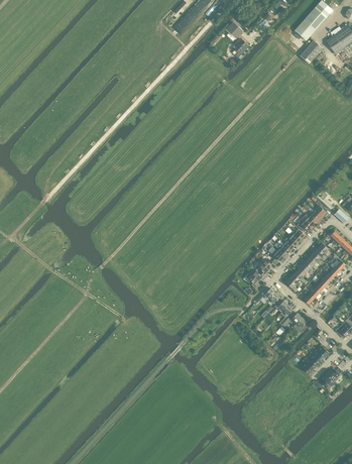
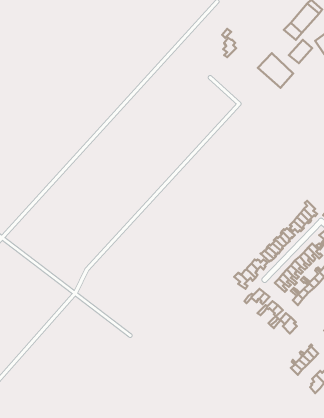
building: none -> [258,53,293,88]

